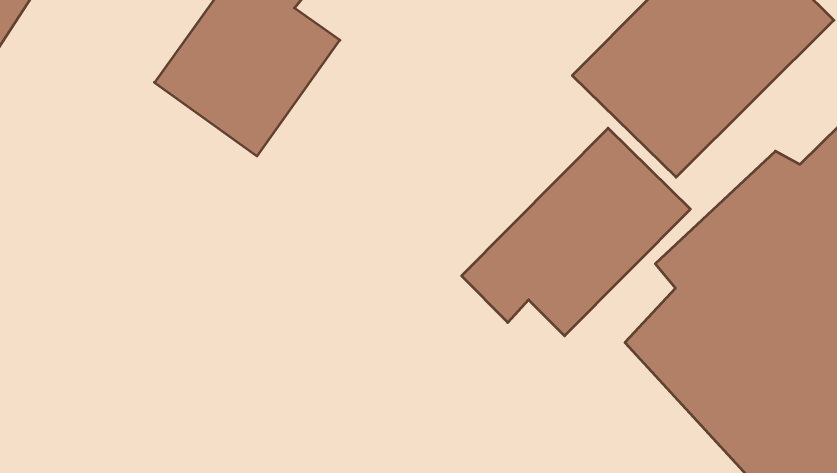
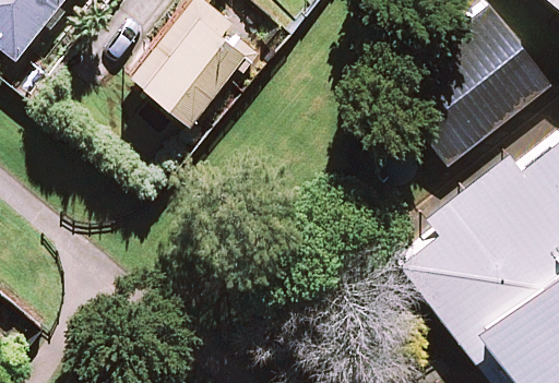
building: [462,128,690,336] -> none

